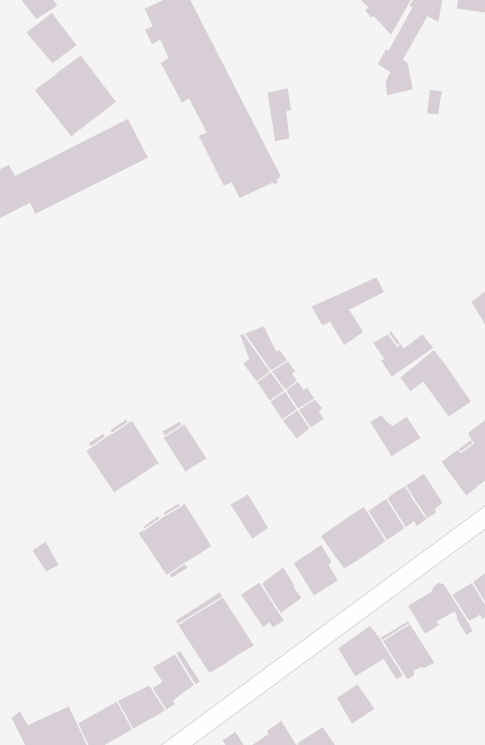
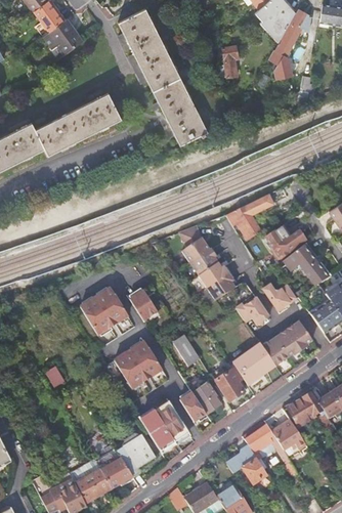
building: [35,54,117,137] -> none
building: [266,88,292,142] -> [223,42,240,77]
building: none -> [236,298,269,325]

